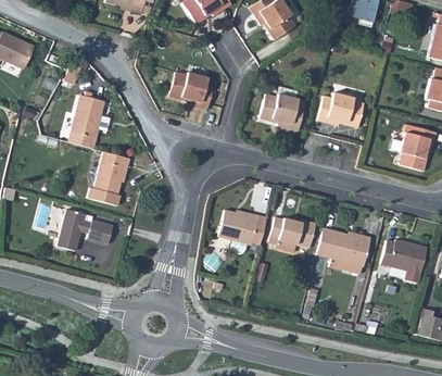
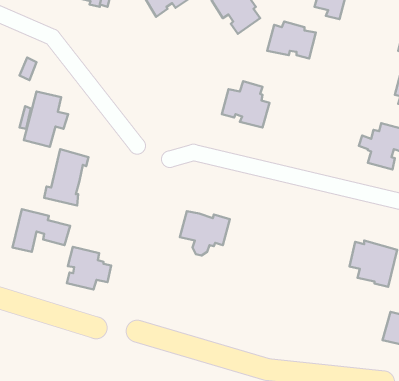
building: [168,72,213,109] -> none
building: [317,92,364,128] -> [267,21,316,59]
building: [270,217,315,251] -> none
building: [316,228,370,274] -> none
building: none -> [67,247,111,289]

